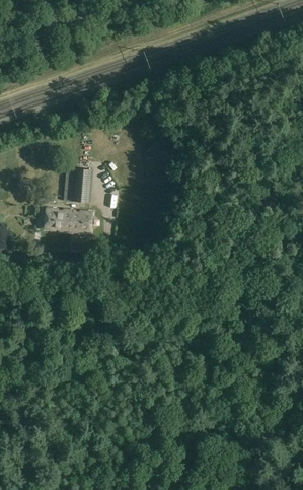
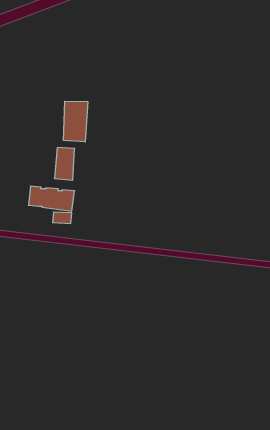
building: none -> [64,101,88,142]

